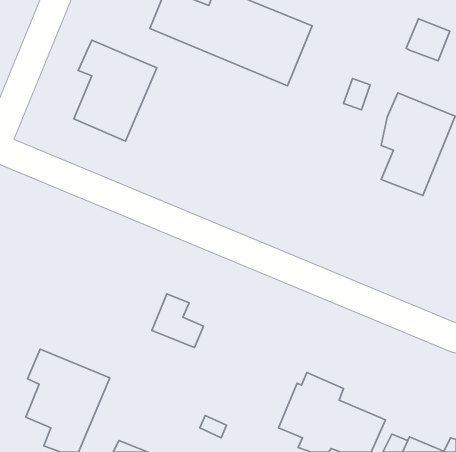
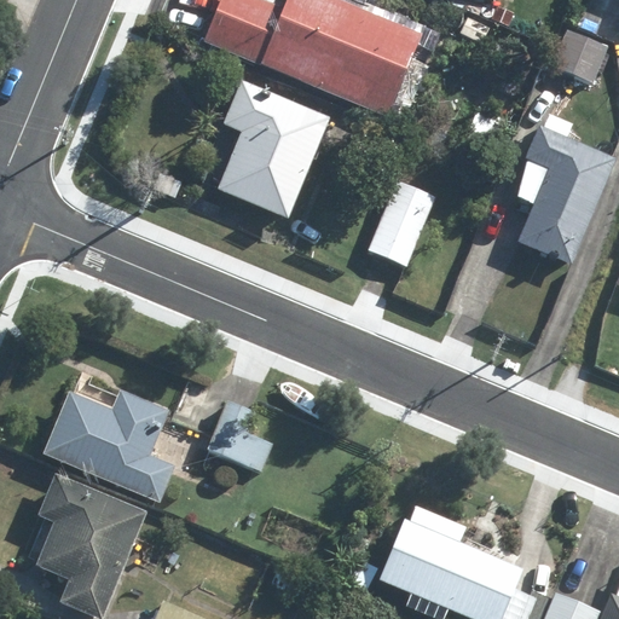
building: [74,40,157,141] -> [218,82,330,219]
building: none -> [368,178,436,265]
building: none -> [41,389,177,504]

